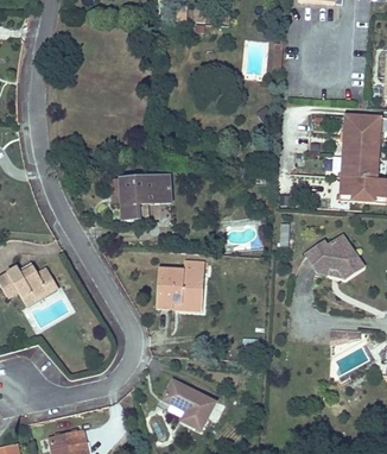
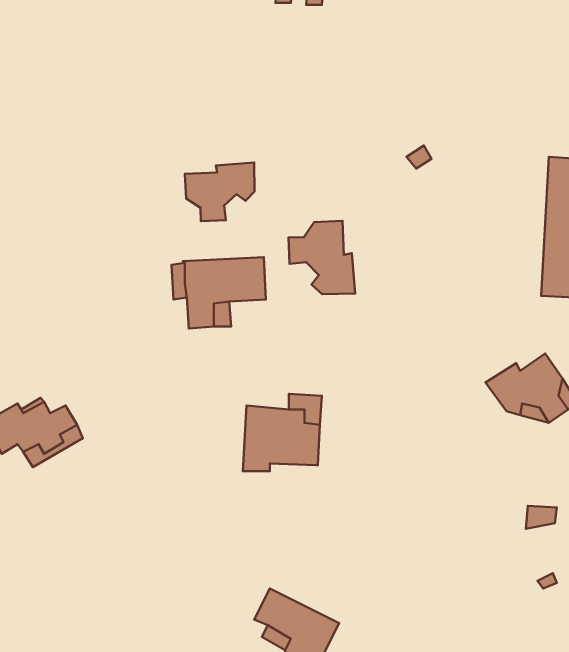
building: none -> [185,162,255,221]
building: none -> [288,221,355,294]

